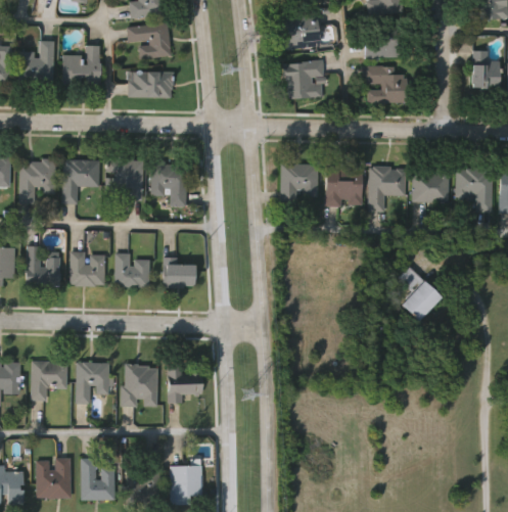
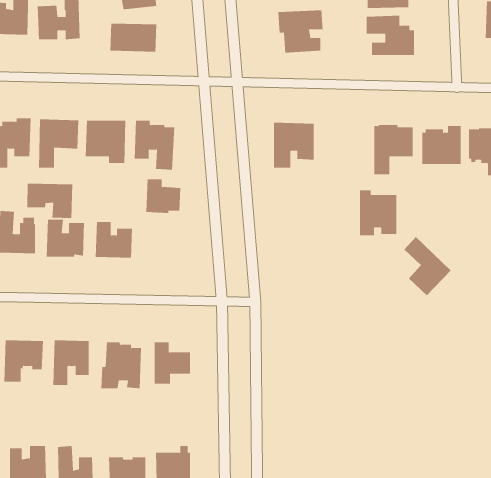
building: [325,165,360,206] -> [359,190,397,236]
building: none -> [27,183,73,219]
building: [161,257,194,288] -> [146,179,181,213]

